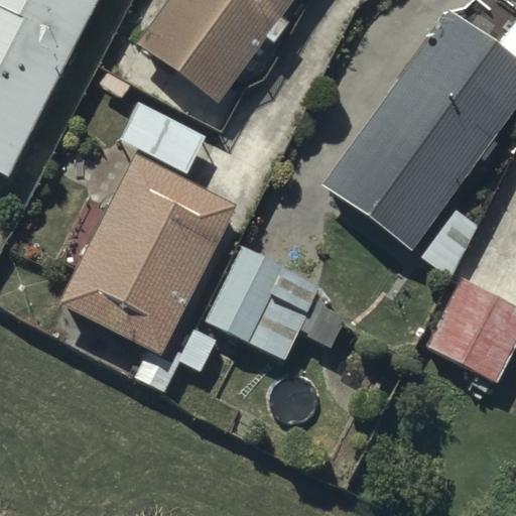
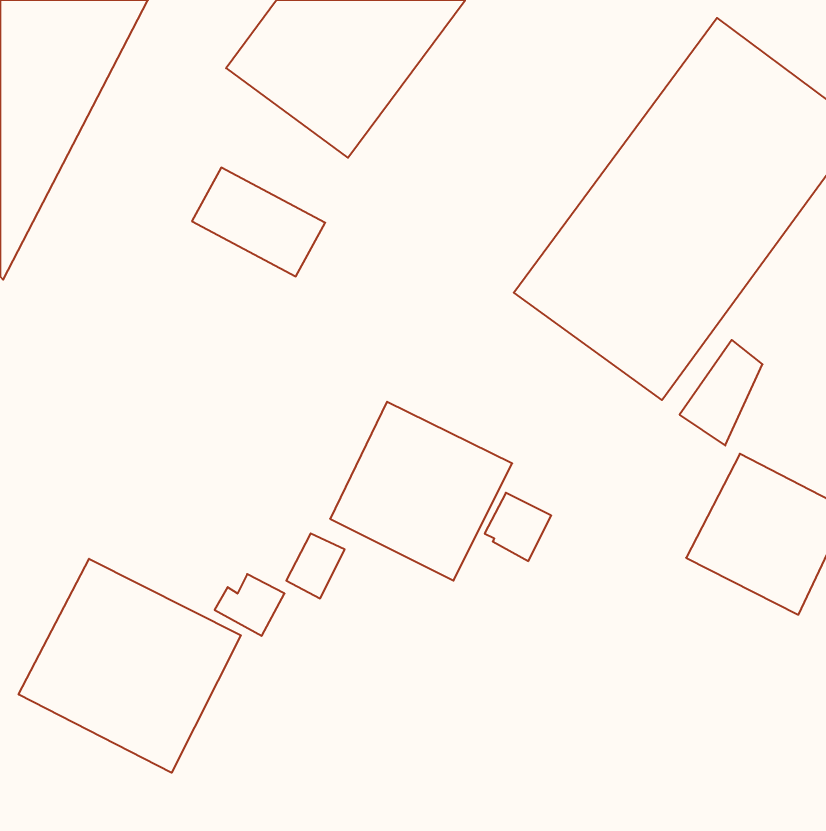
building: [59,155,236,355] -> none
building: none -> [19,559,241,773]

